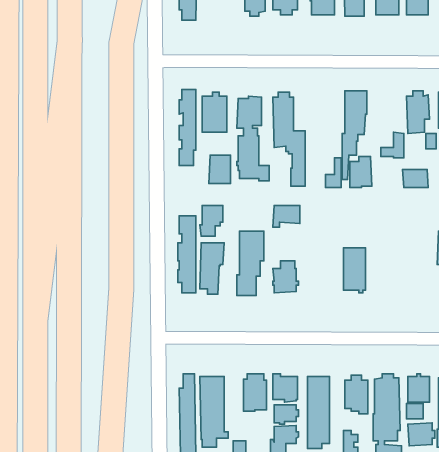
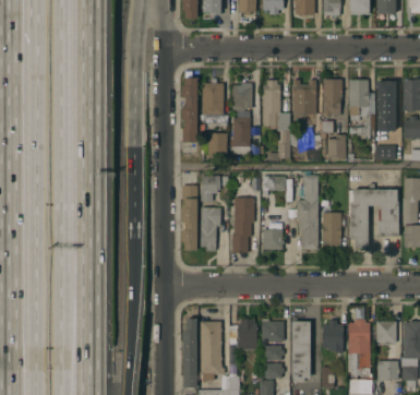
building: none -> [292,80,315,113]
building: none -> [348,80,369,120]
building: none -> [296,175,317,249]
building: none -> [350,189,398,250]

